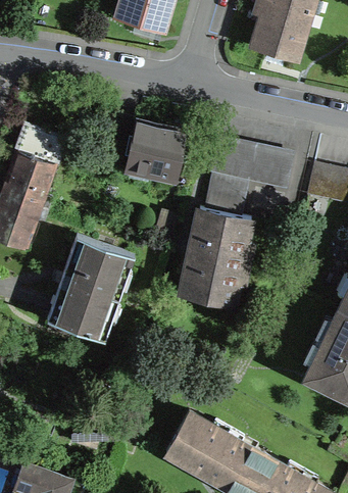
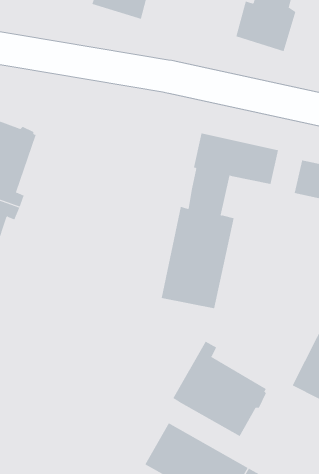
building: [104,116,184,180] -> none
building: [45,244,134,348] -> none
building: none -> [173,341,267,437]

